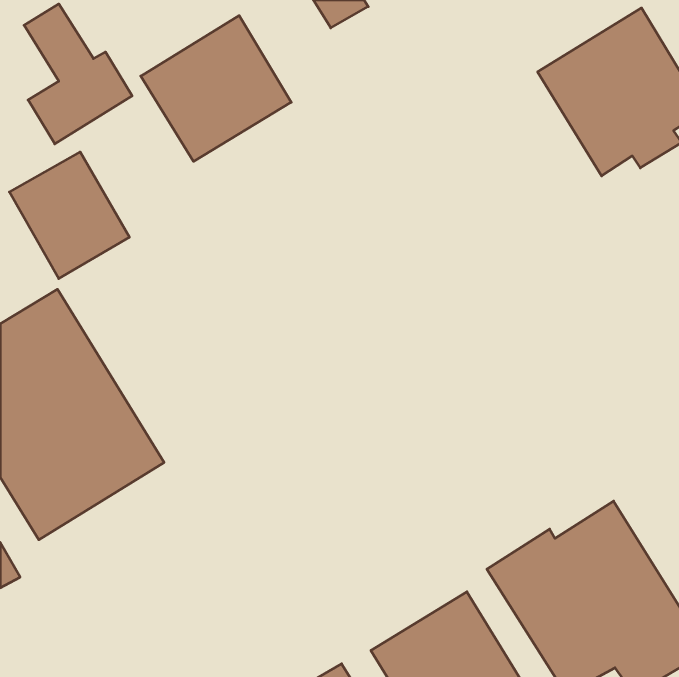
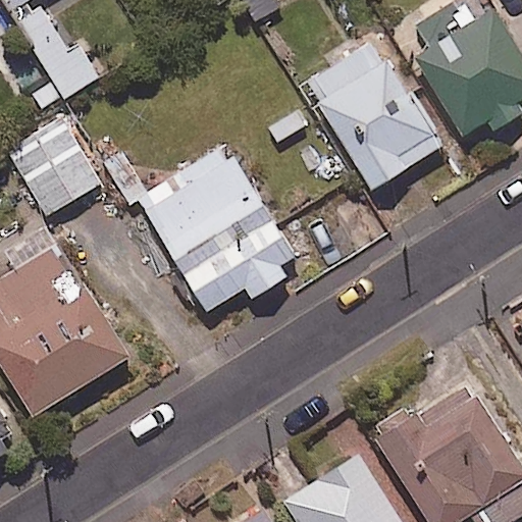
building: [141,16,291,161] -> none
building: none -> [303,35,442,190]
building: none -> [103,147,301,312]

